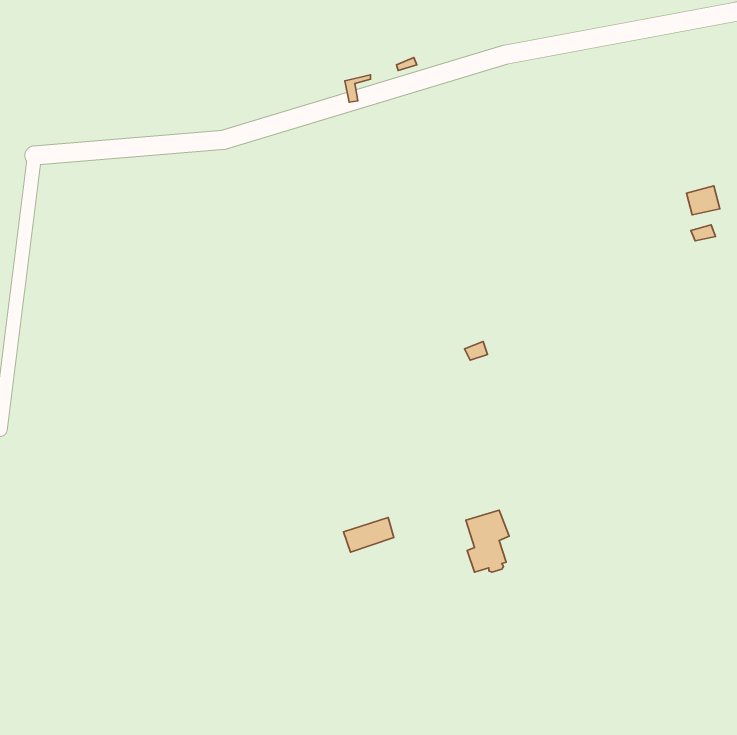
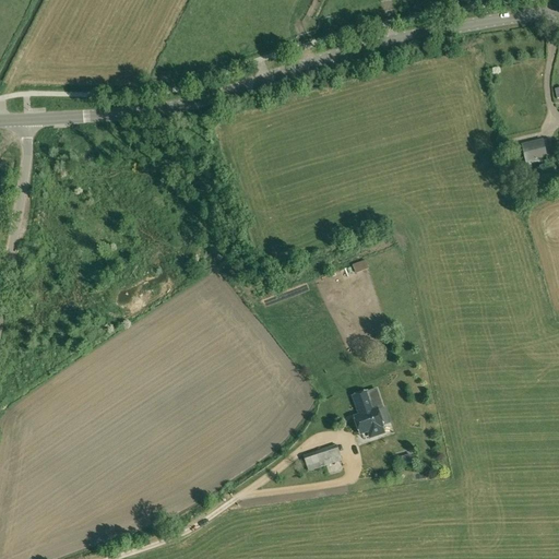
building: [343,517,394,552] -> [304,444,342,471]

